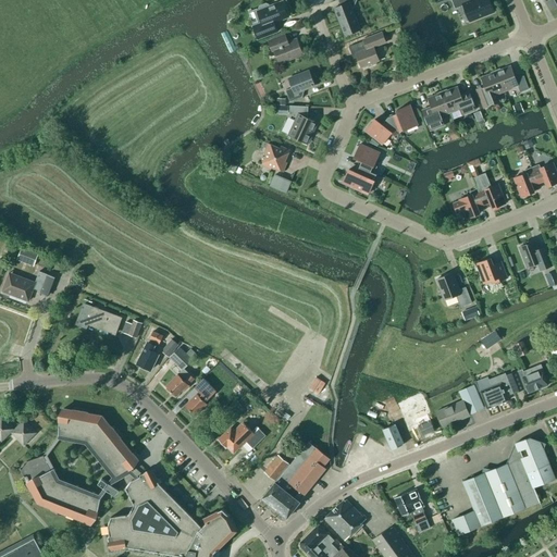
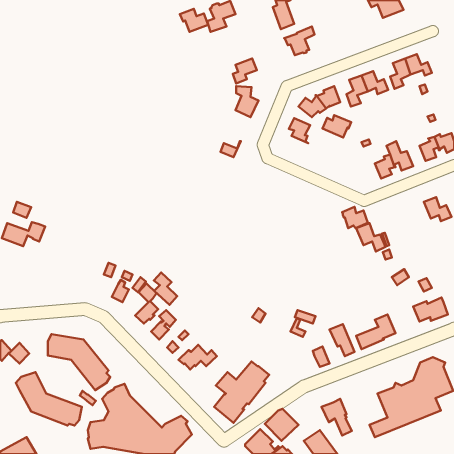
building: [268,35,302,63] -> [180,9,208,32]
building: [261,144,289,172] -> none
building: [343,166,377,194] -> [323,115,351,137]
building: [475,258,507,284] -> [342,207,368,228]
building: [76,305,121,334] -> none
building: none -> [154,272,177,305]
building: [480,373,512,409] -> none

